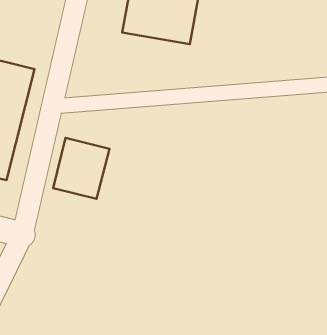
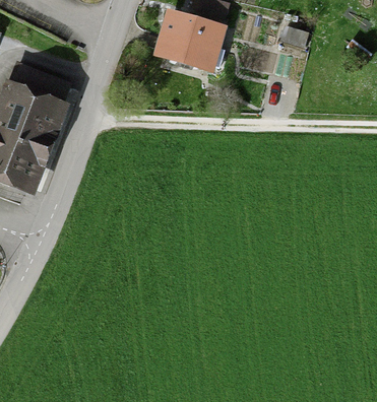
building: [53,138,109,199] -> none

